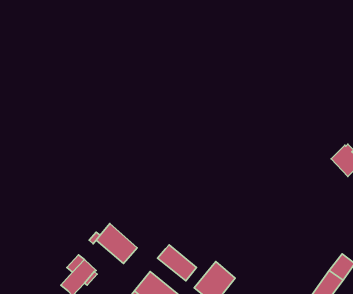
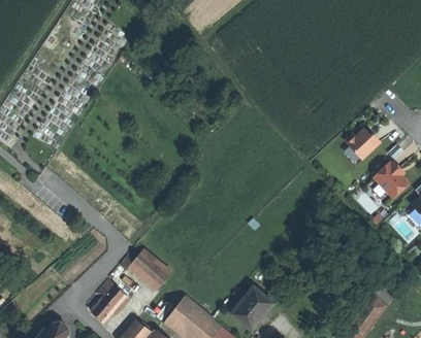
building: none -> [344,129,380,160]
building: [157,245,197,281] -> none

